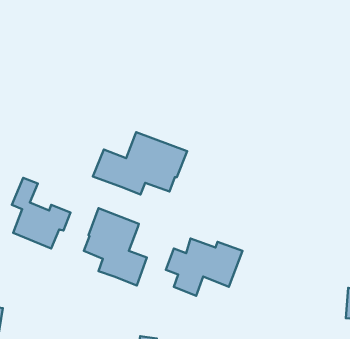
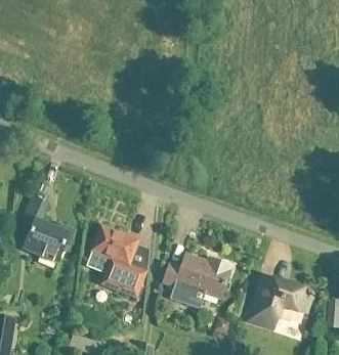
building: [93,132,187,195] -> none
building: none -> [250,278,313,328]

